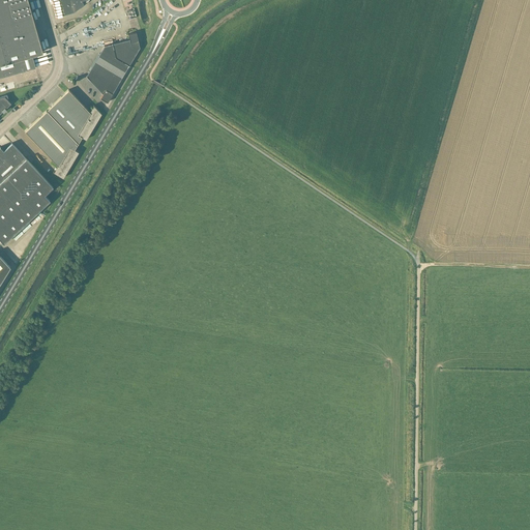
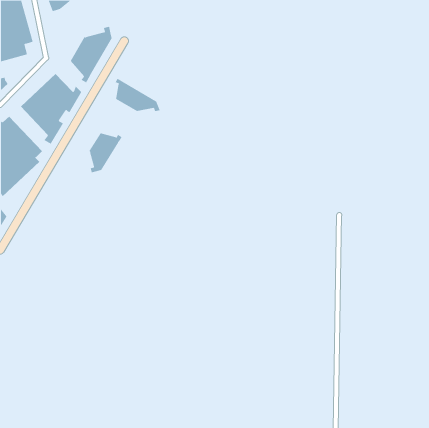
building: none -> [115,78,161,112]
building: none -> [89,133,122,173]

